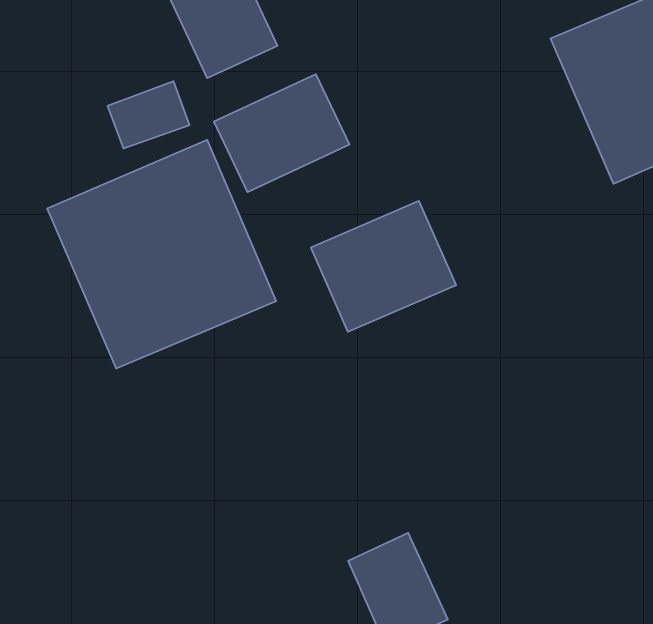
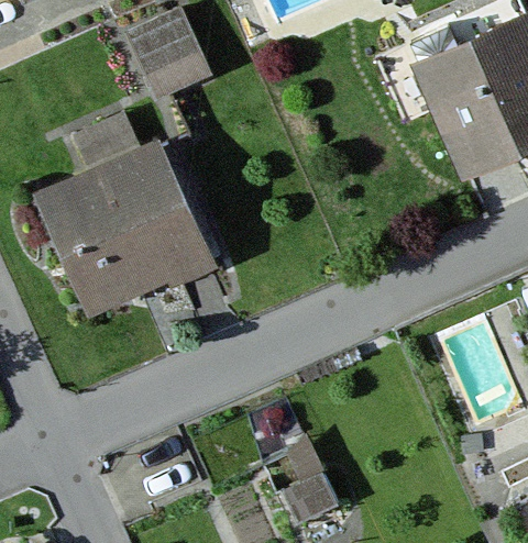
building: [214,74,349,192] -> none
building: [311,201,456,332] -> none

